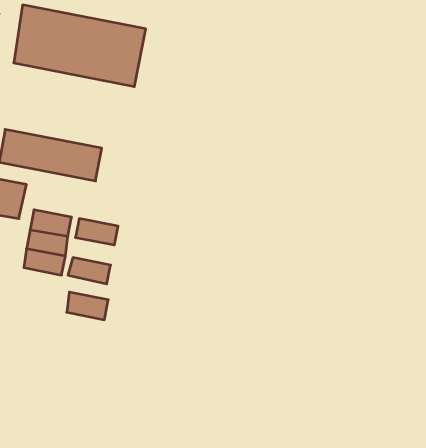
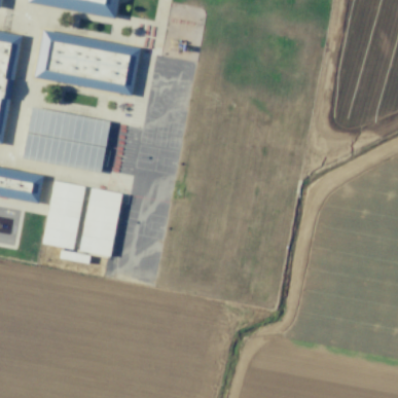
building: none -> [29,105,112,145]
building: none -> [52,180,86,202]
building: none -> [89,187,123,209]
building: [67,292,108,320] -> [84,218,118,241]

